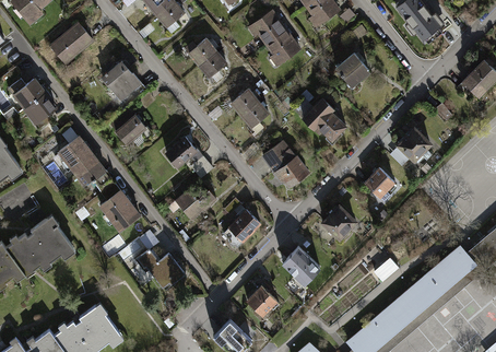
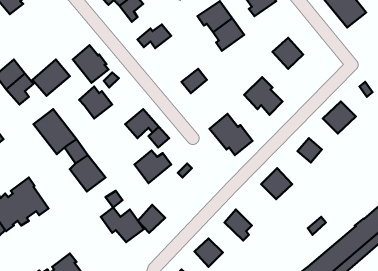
building: [49,21,93,63] -> [32,59,70,96]
building: [198,49,226,81] -> none
building: [239,101,268,132] -> none
building: [228,209,260,242] -> [138,205,165,233]

